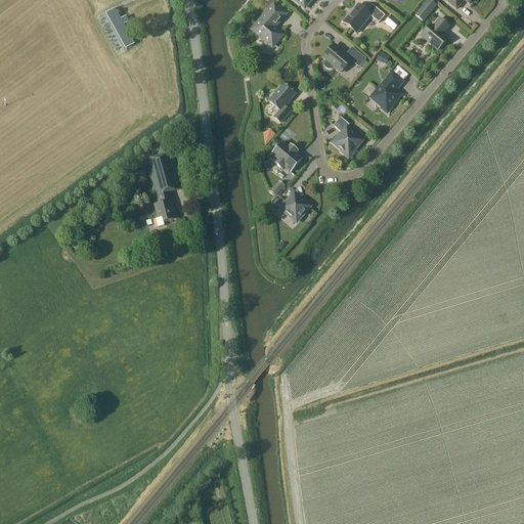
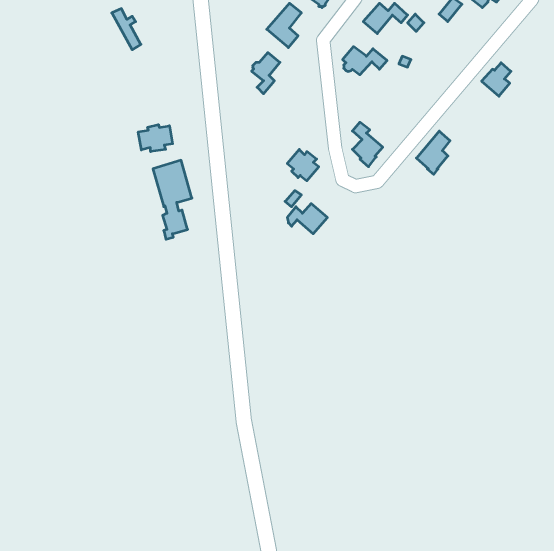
building: [421,17,448,49] -> [482,63,511,96]
building: [370,71,402,112] -> [416,131,450,174]
building: [268,83,295,122] -> [252,53,280,94]
building: none -> [138,125,173,152]

